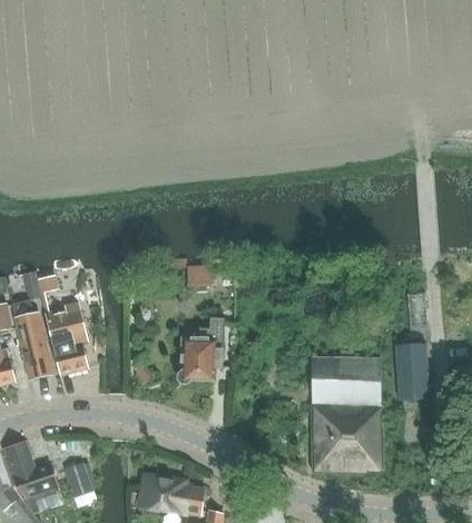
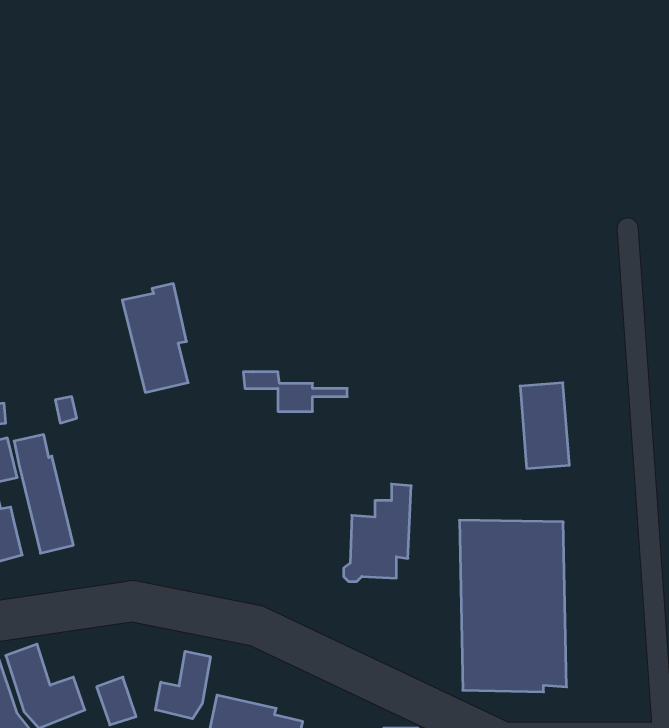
building: [45,302,89,375] -> [122,284,188,392]
building: [178,317,224,383] -> [344,484,411,581]
building: [395,342,429,399] -> [520,383,569,468]
building: none -> [155,651,210,719]

